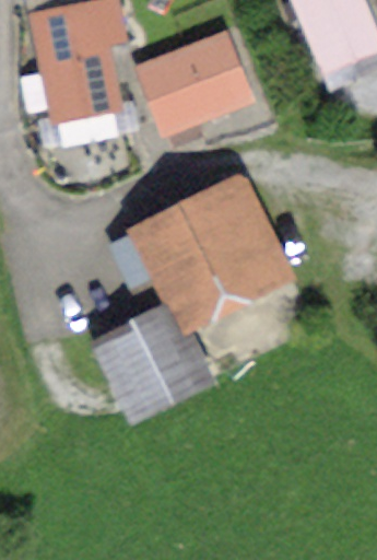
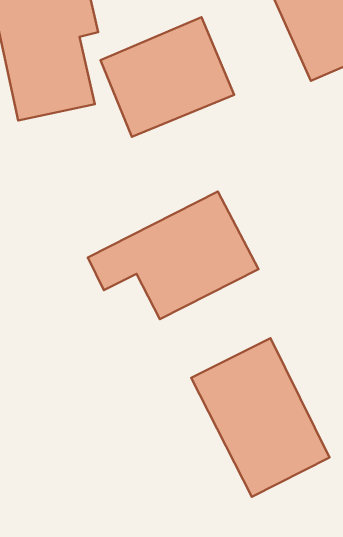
building: [98,319,200,413] -> none
building: none -> [191,338,330,497]

